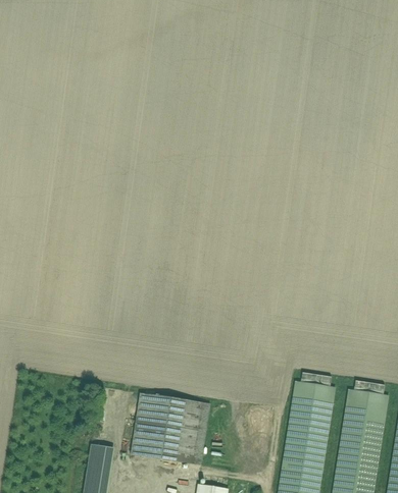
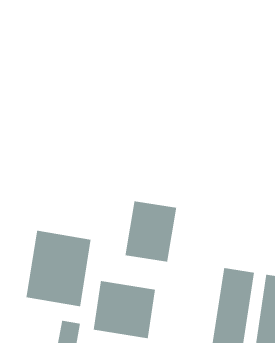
building: none -> [125,200,177,263]
building: none -> [26,230,91,307]

